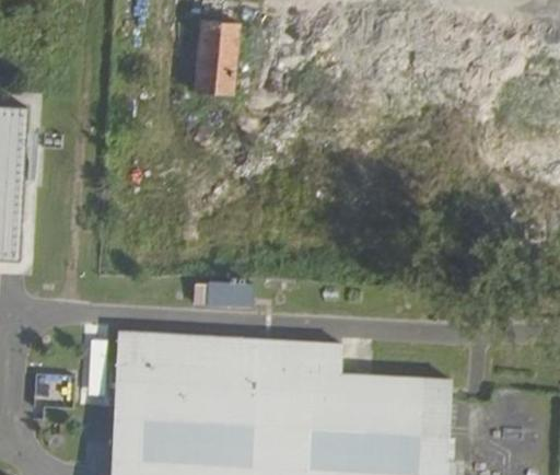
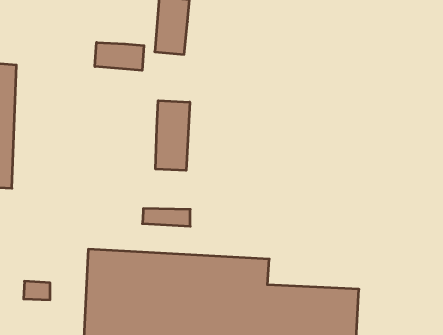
building: none -> [95,42,144,70]
building: none -> [156,101,190,170]

